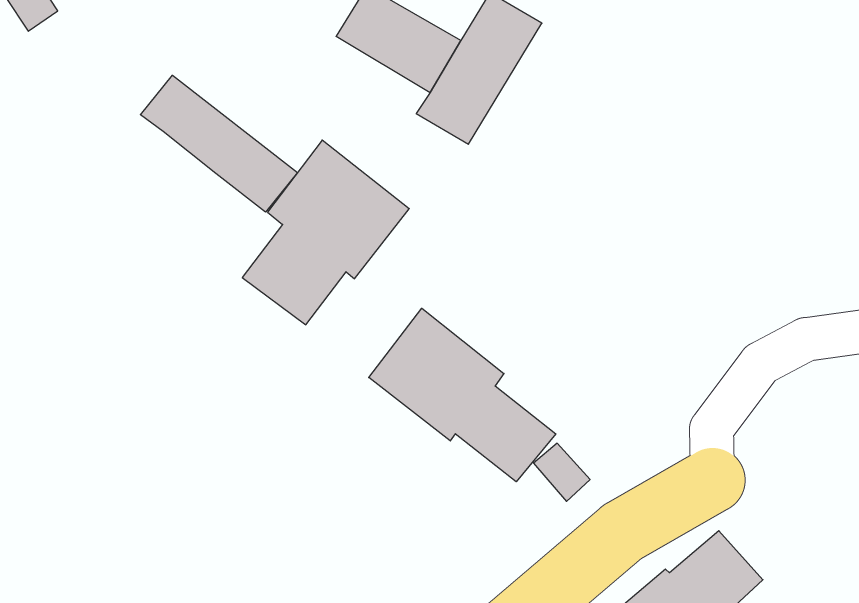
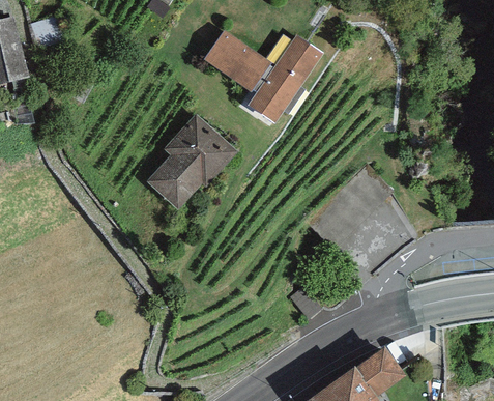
building: [140,75,297,212] -> none
building: [369,308,556,482] -> none

